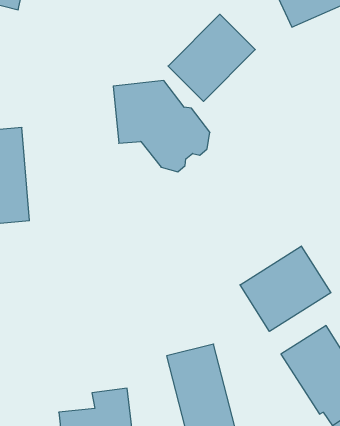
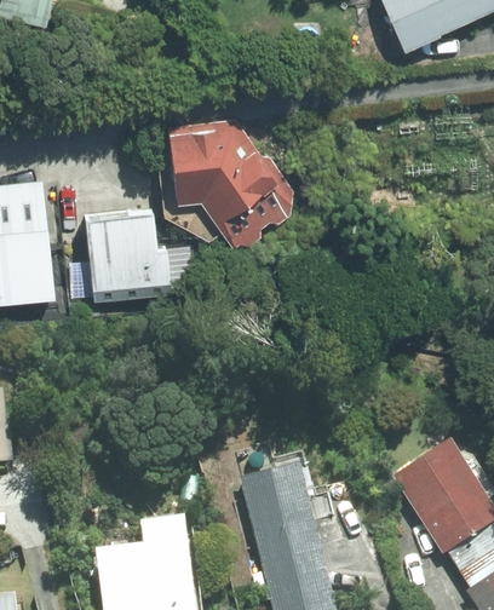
building: [168,14,255,101] -> none
building: none -> [82,209,195,293]
building: [240,246,331,331] -> none

